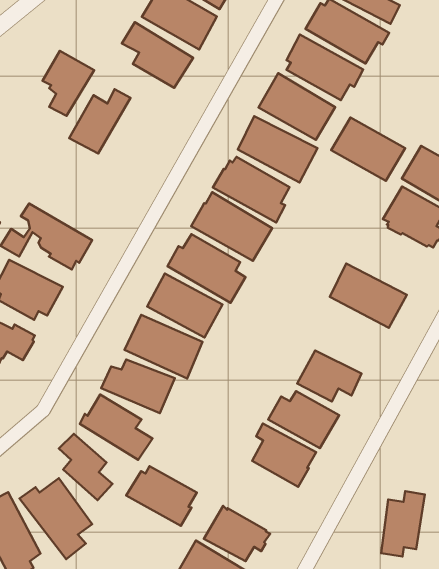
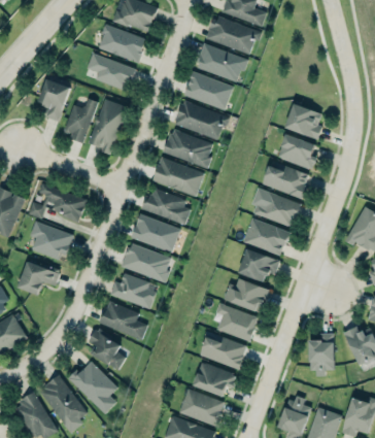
building: none -> [89,99,127,154]
building: [331,117,405,181] -> [262,161,310,199]
building: none -> [243,217,291,255]
building: [126,466,197,526] -> [200,333,246,369]

